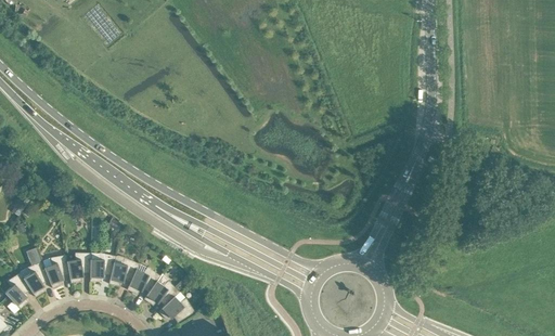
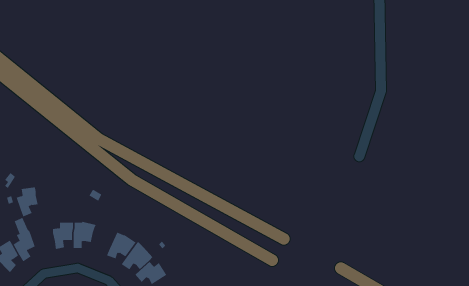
building: [42,256,67,289] -> [16,187,38,217]
building: [106,256,137,287] -> none

